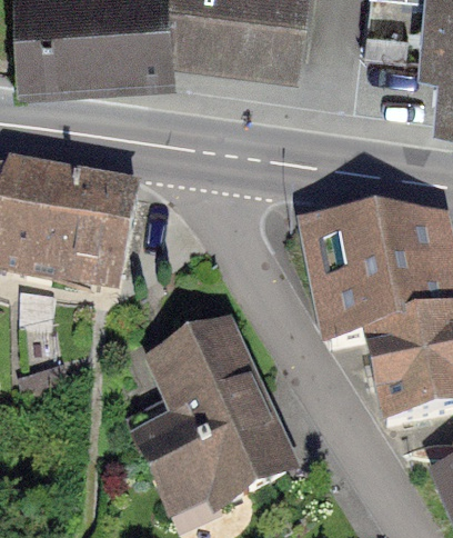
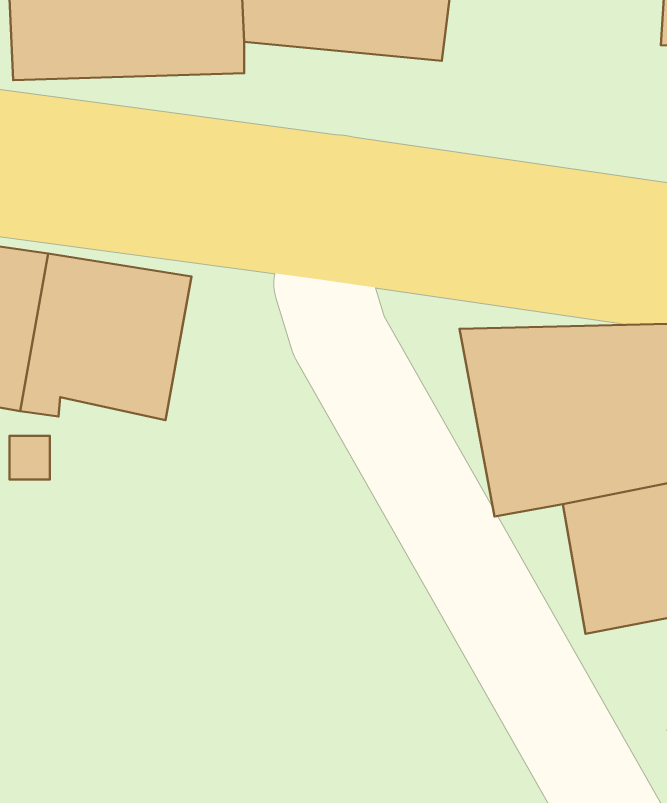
building: [134,335,284,501] -> none

